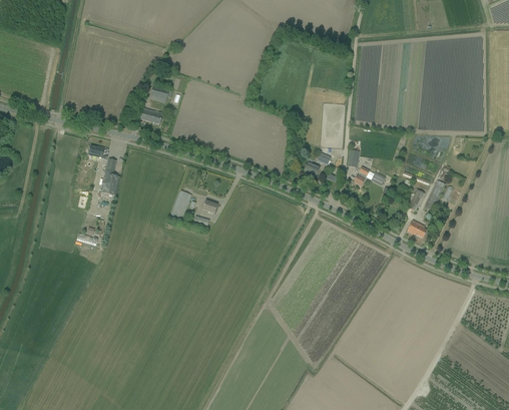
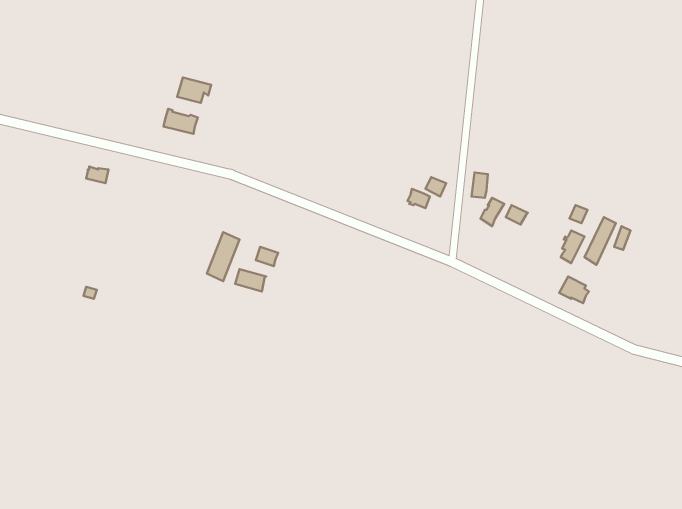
building: [100,158,119,194] -> none

